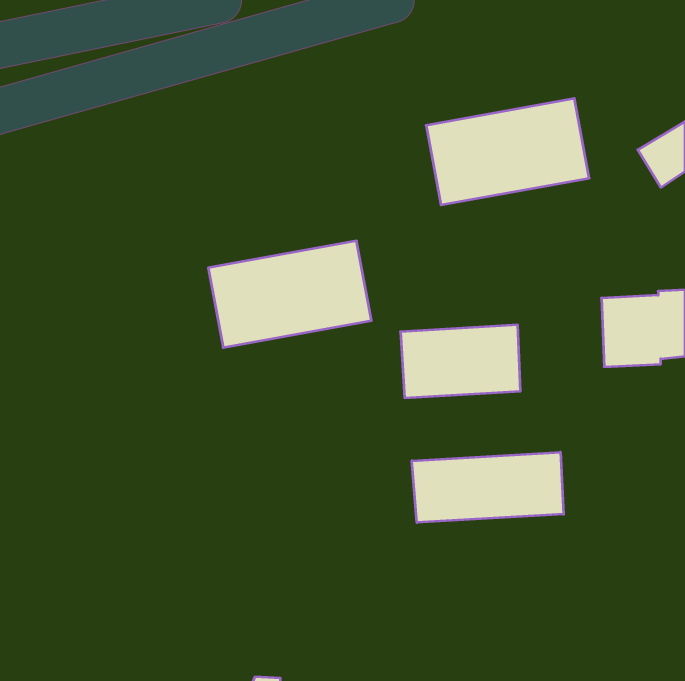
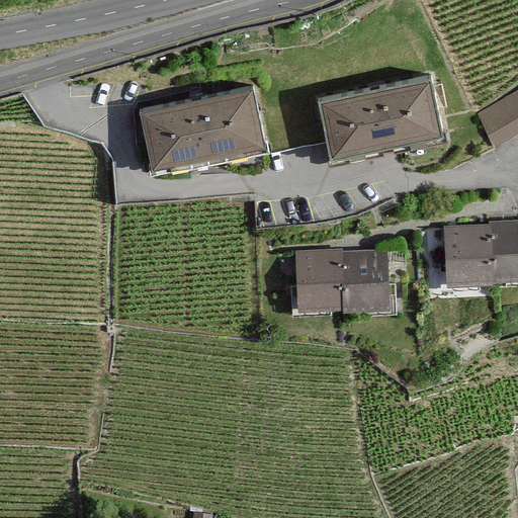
building: [208,241,371,348] -> [140,91,262,171]
building: [412,452,564,523] -> none

